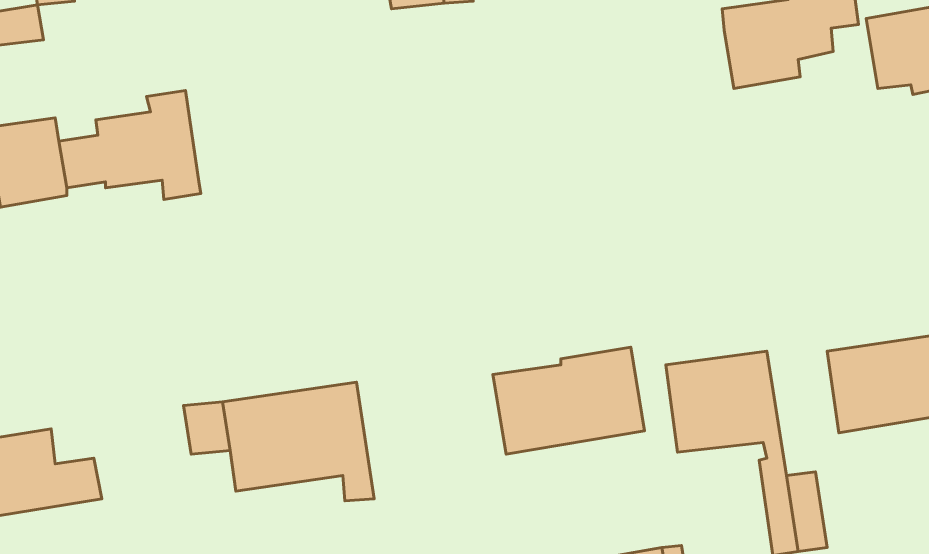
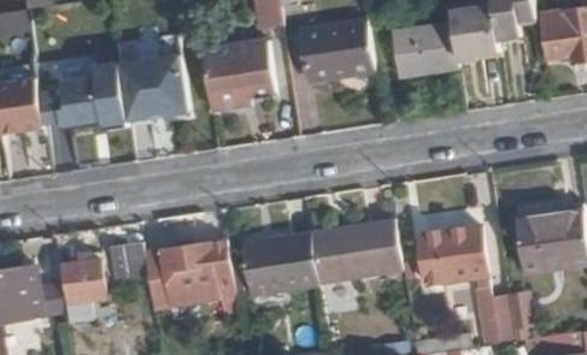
building: none -> [299,19,372,79]
building: none -> [391,23,459,76]
building: none -> [201,42,276,111]
building: none -> [117,46,188,118]
building: none -> [241,232,317,295]
building: none -> [61,258,108,303]

